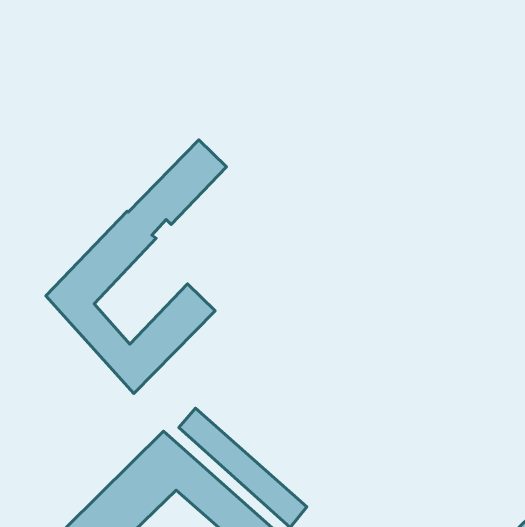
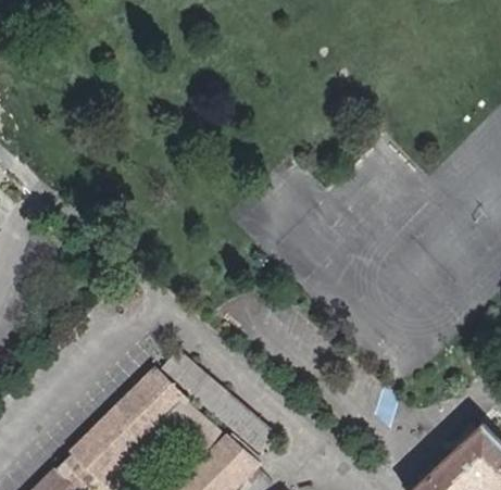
building: [46,140,227,393] -> none

